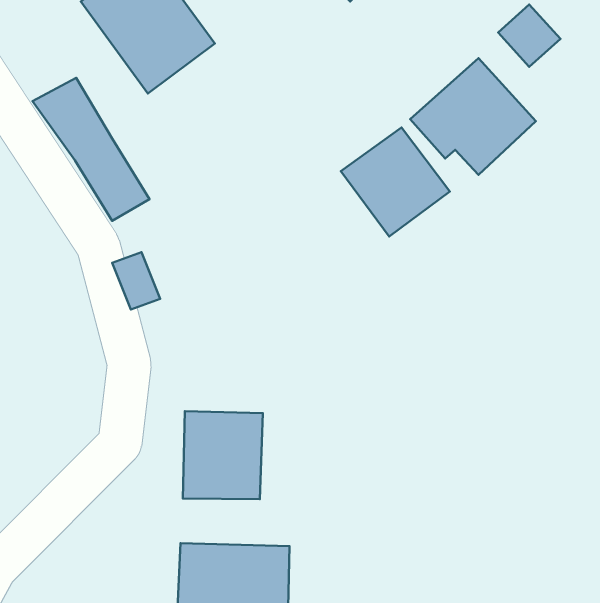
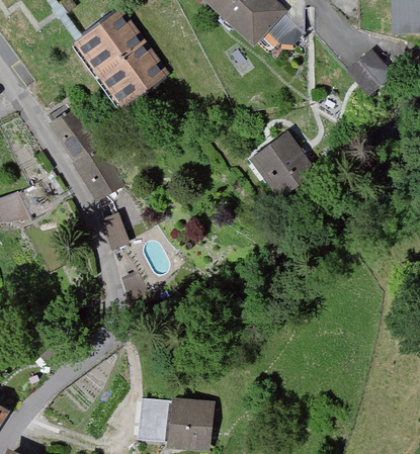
building: [410,58,536,175] -> none
building: [183,411,263,499] -> none

